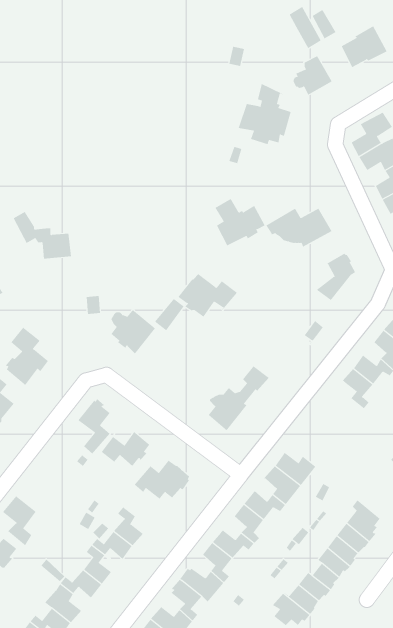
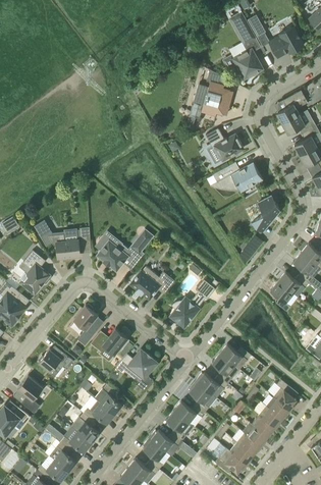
building: [215,198,265,246] -> [206,128,244,164]
building: [13,211,72,259] -> [36,222,79,258]
building: [178,274,238,317] -> [130,267,175,300]
building: none -> [38,349,74,378]

